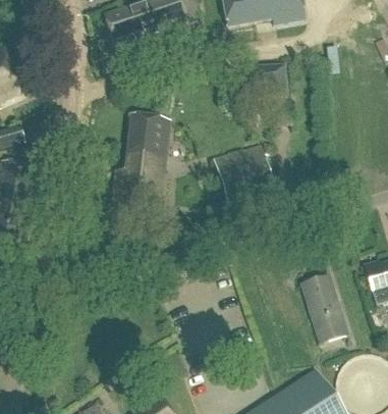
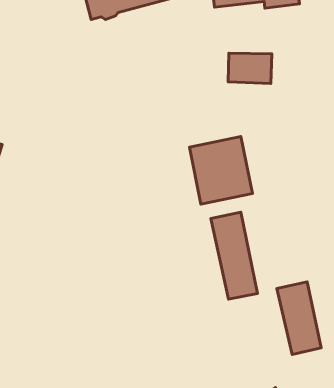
building: [112,113,169,208] -> none
building: none -> [211,212,257,299]

